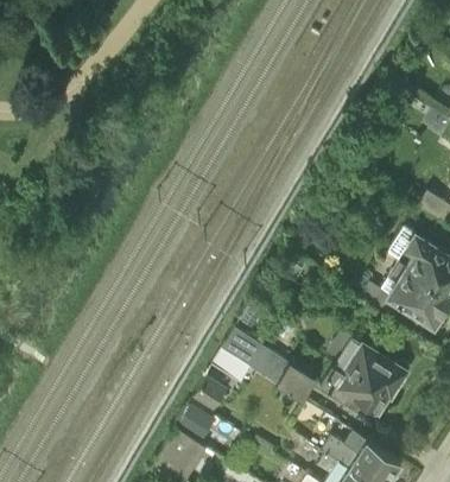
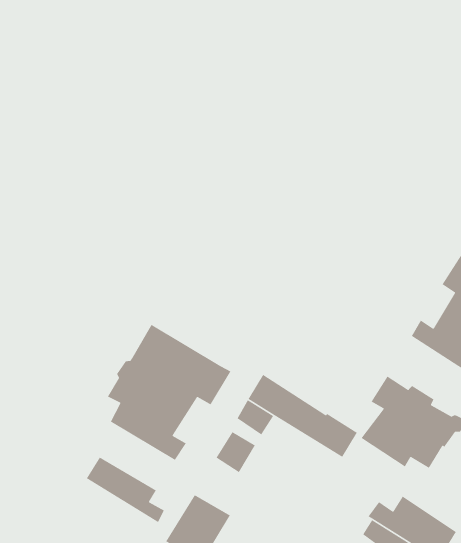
building: none -> [107,324,232,461]
building: none -> [86,456,165,523]
building: [182,401,220,438] -> none

